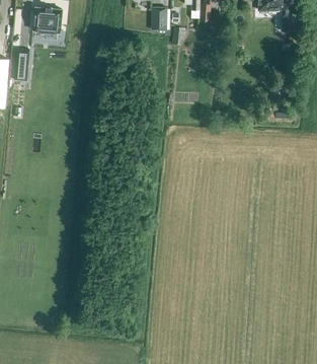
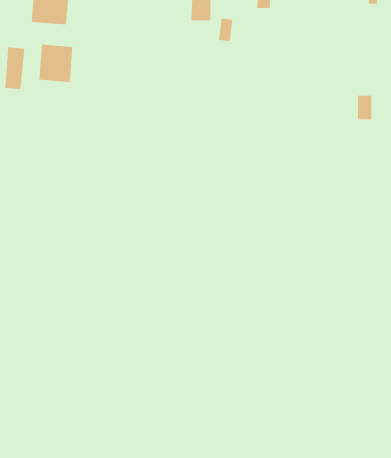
building: none -> [39,44,73,83]

